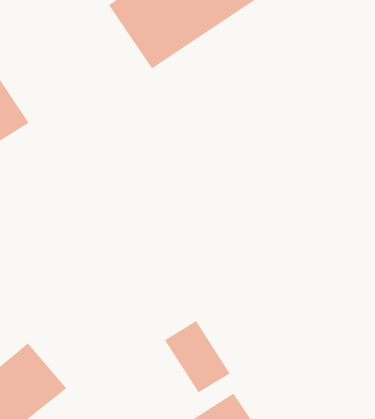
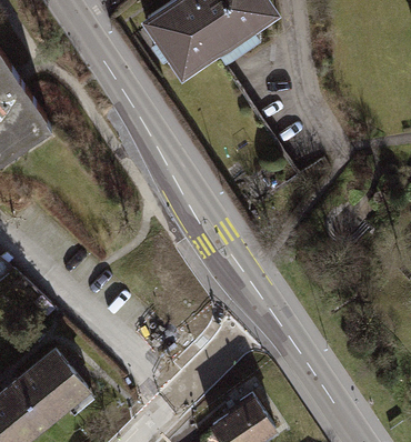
building: [164,320,230,393] -> none

